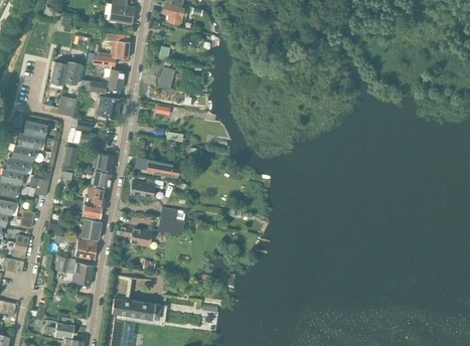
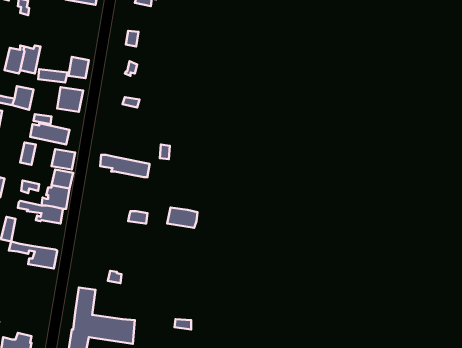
building: [94,33,130,65] -> none
building: [131,179,164,198] -> none
building: [158,216,185,234] -> [167,208,198,228]
building: [74,217,102,241] -> none
building: [117,225,152,246] -> none
building: [56,255,94,285] -> none

